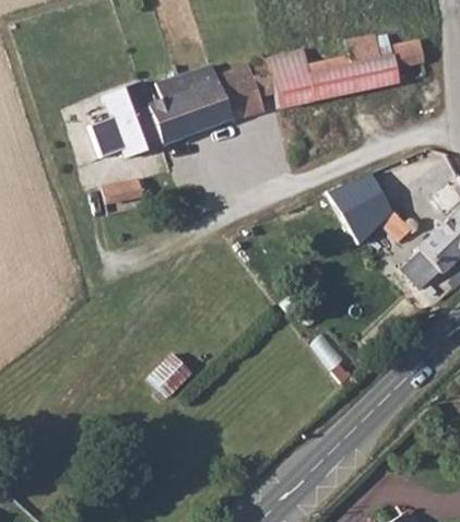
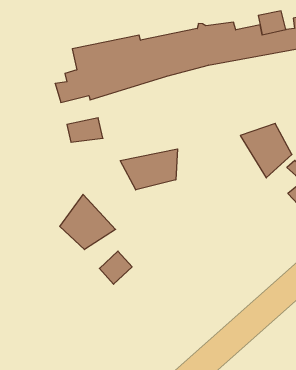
building: none -> [120,149,178,190]
building: none -> [60,194,116,250]

